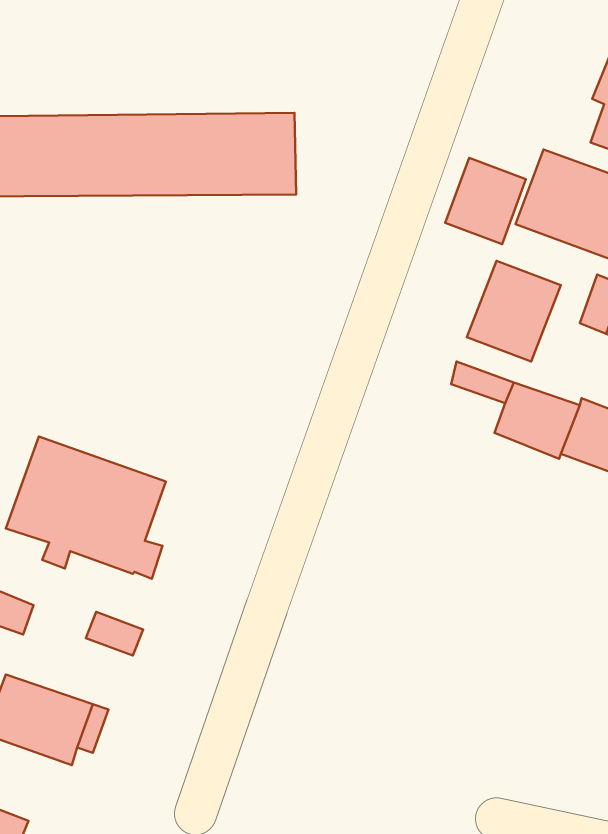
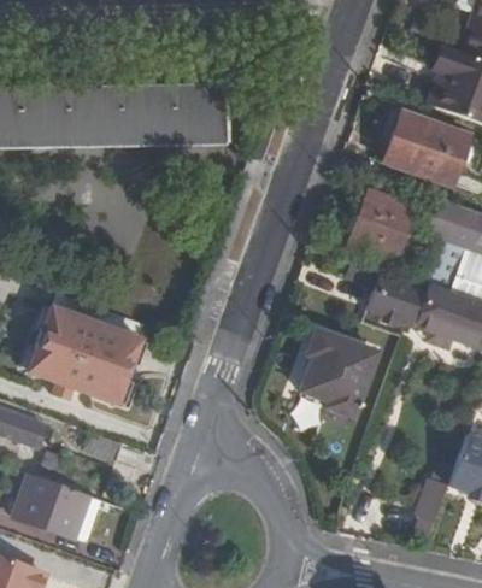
building: [445,158,526,244] -> none
building: none -> [290,325,374,421]

